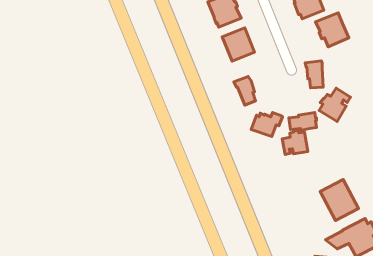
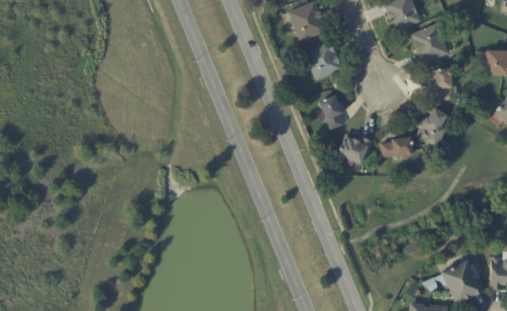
building: [305,61,323,88] -> [432,69,453,99]
building: [282,130,308,154] -> none
building: [320,179,358,221] -> none

